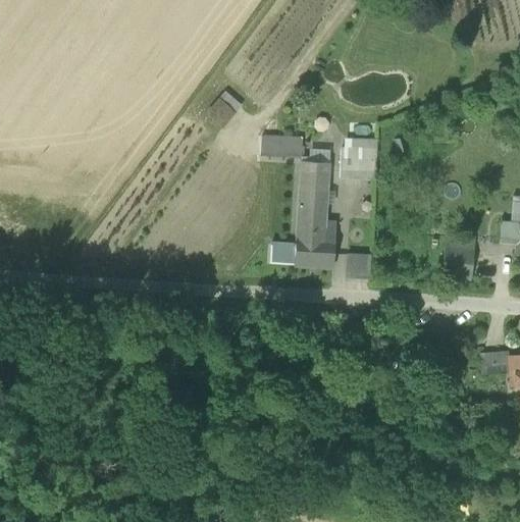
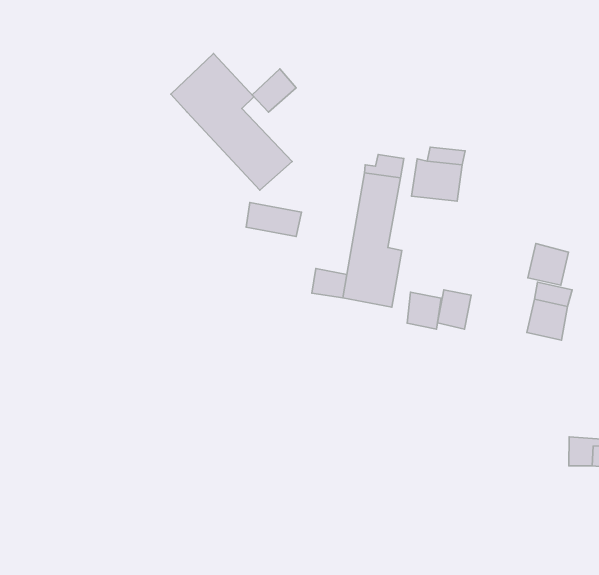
building: none -> [171,54,292,190]
building: [261,136,303,158] -> [246,203,301,236]
building: none -> [528,244,568,285]
building: none -> [438,290,471,329]

